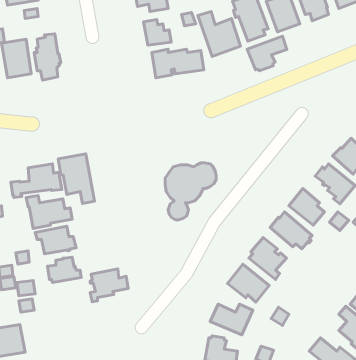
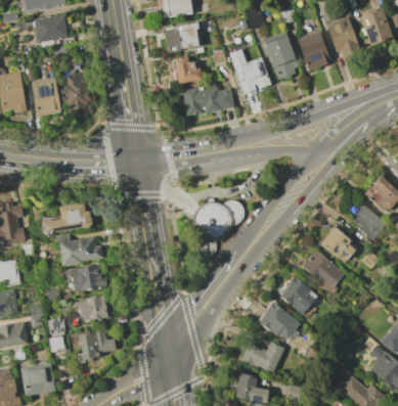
building: [247,36,287,71] -> none
building: [58,154,94,204] -> none
building: [90,269,128,302] -> [77,330,115,363]

